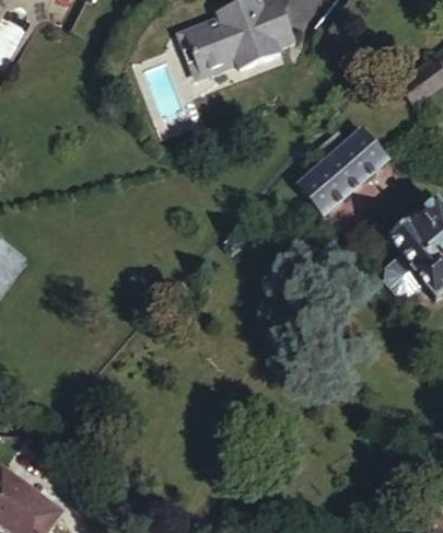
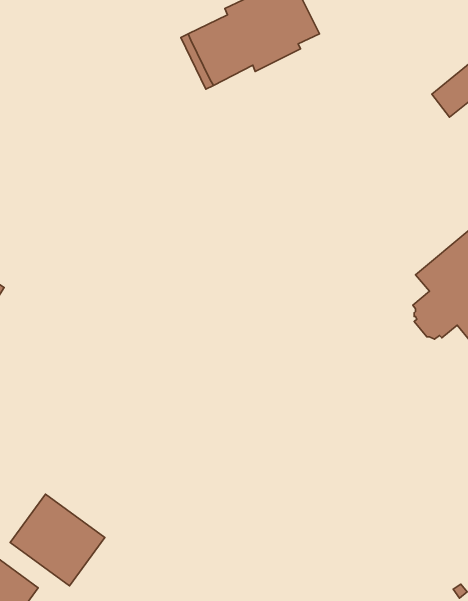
building: [303,129,387,213] -> none
building: none -> [10,494,105,586]

